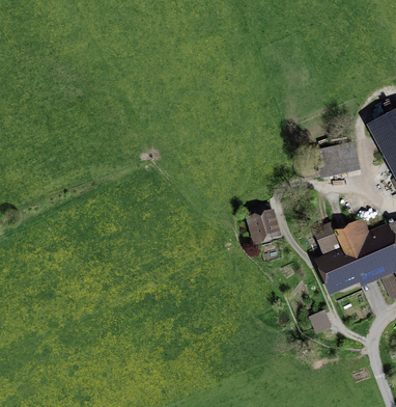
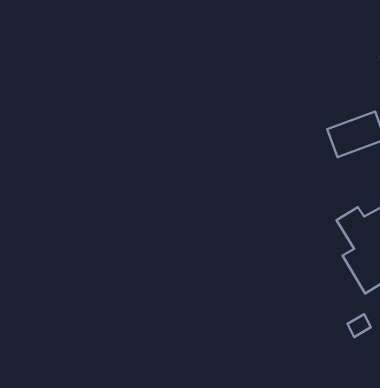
building: [246,202,283,245] -> none

